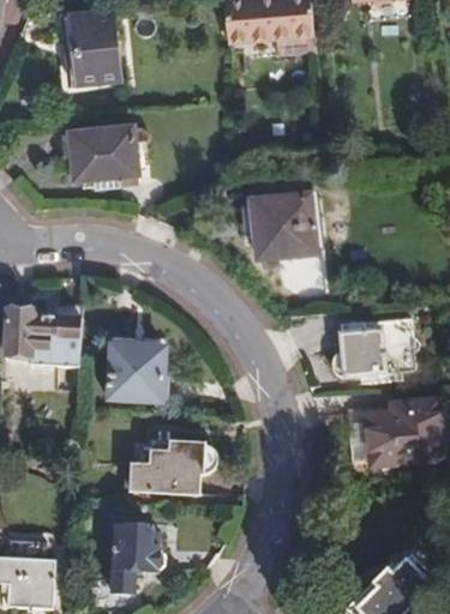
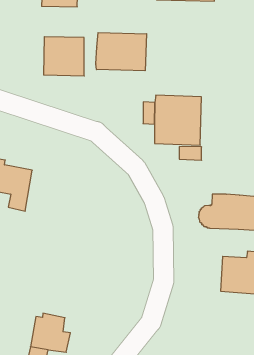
building: none -> [96,33,147,71]
building: [97,336,166,401] -> none
building: [131,441,215,493] -> none

